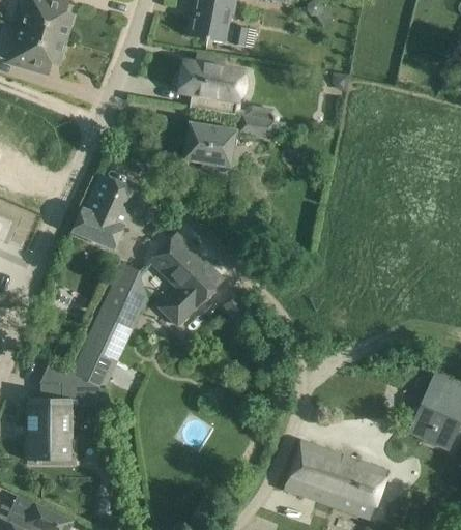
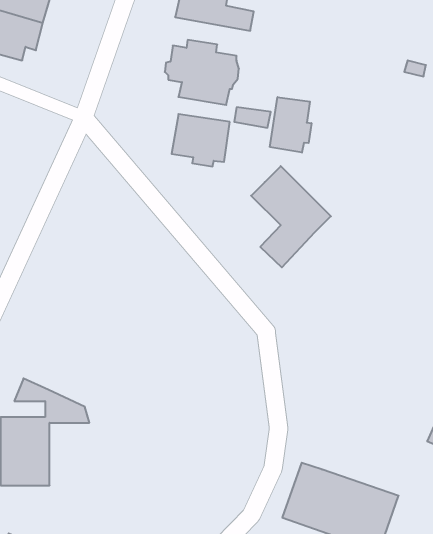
building: none -> [270,97,311,153]
building: [70,175,138,248] -> none
building: [149,233,222,325] -> [251,166,331,267]
building: [70,263,145,388] -> none

